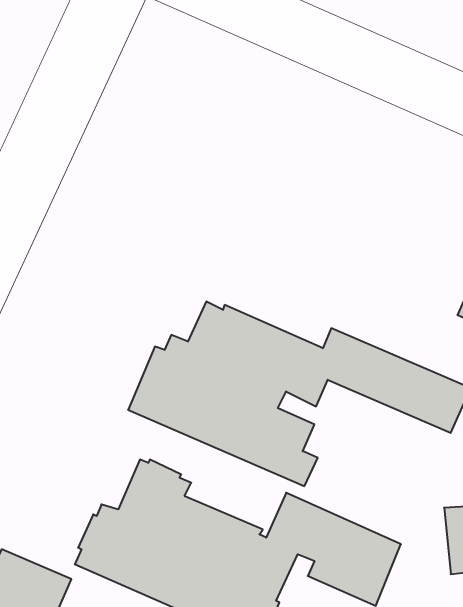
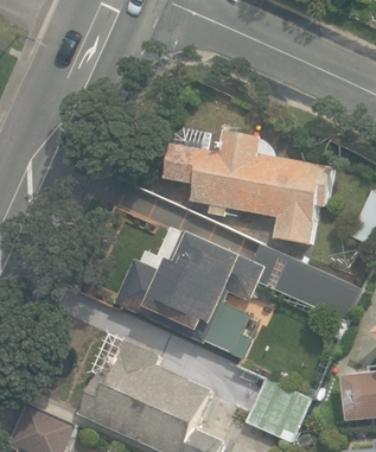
building: none -> [165,128,331,244]

